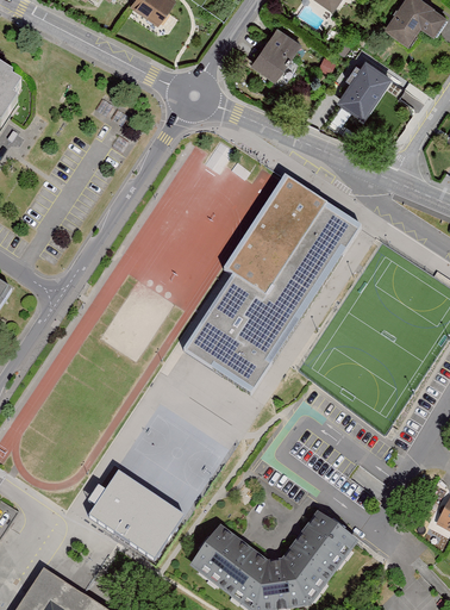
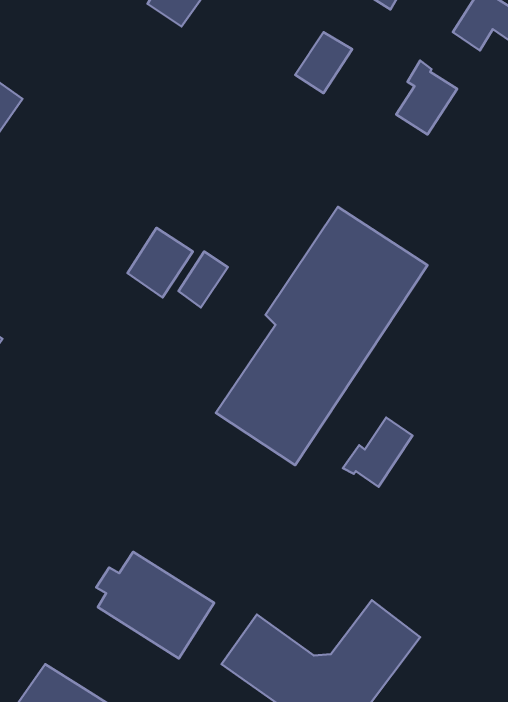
building: none -> [128,228,193,297]
building: none -> [178,251,228,307]
building: none -> [343,417,412,487]

